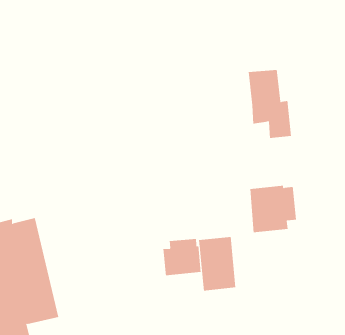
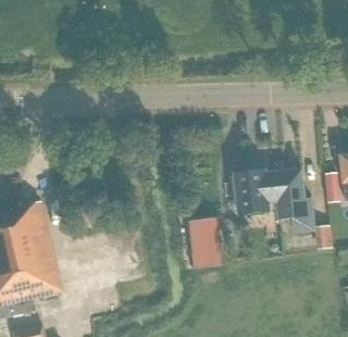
building: [248,69,292,138] -> [275,170,315,233]
building: [163,238,201,276] -> none

